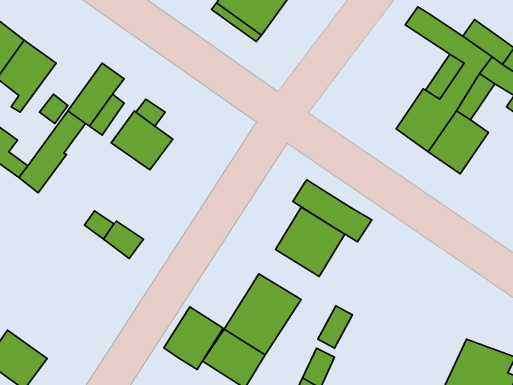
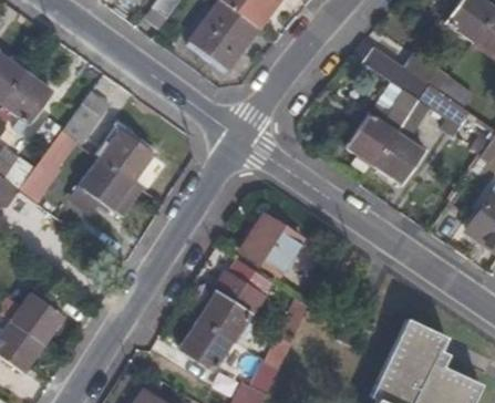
building: none -> [71,158,142,216]
building: [293,180,372,242] -> none
building: none -> [10,292,63,344]
building: [164,307,223,369] -> none

